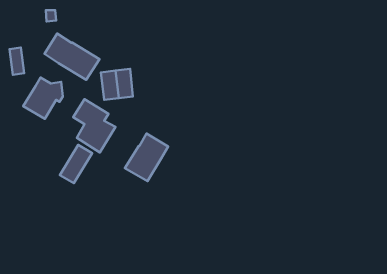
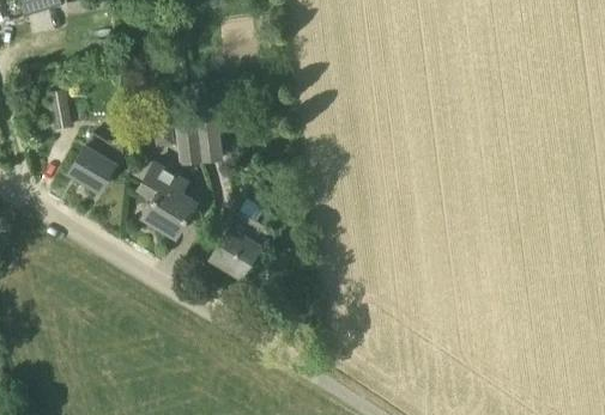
building: [44,34,100,80] -> none
building: [60,145,92,183] -> none

